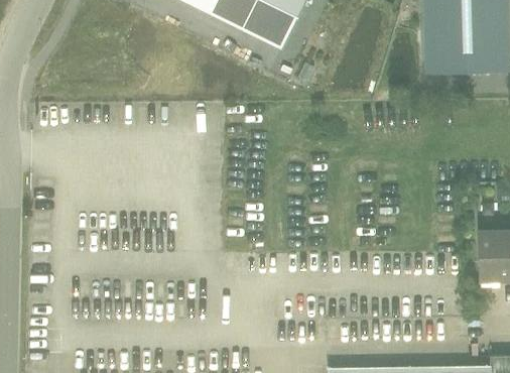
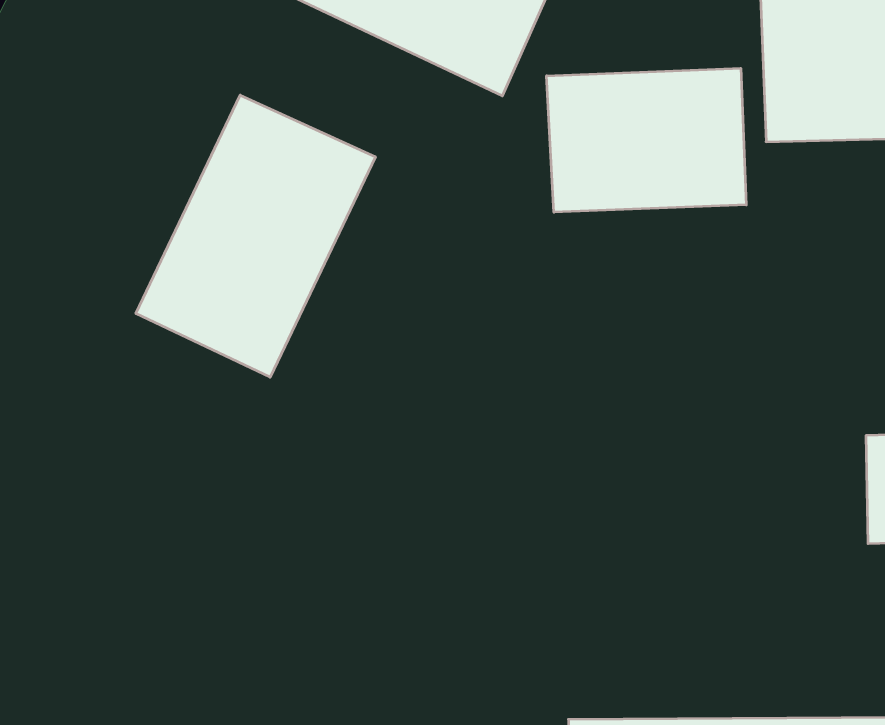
building: none -> [547,68,746,212]
building: none -> [136,95,375,377]

